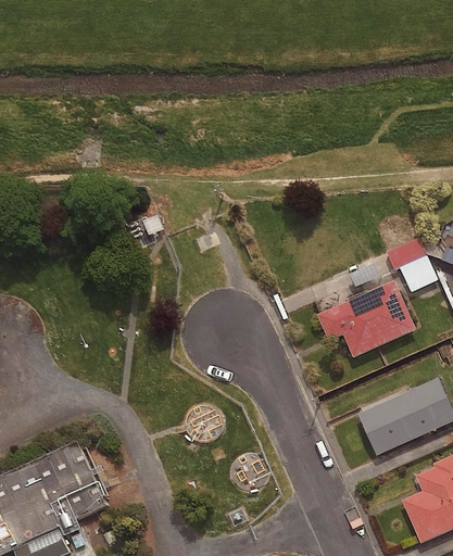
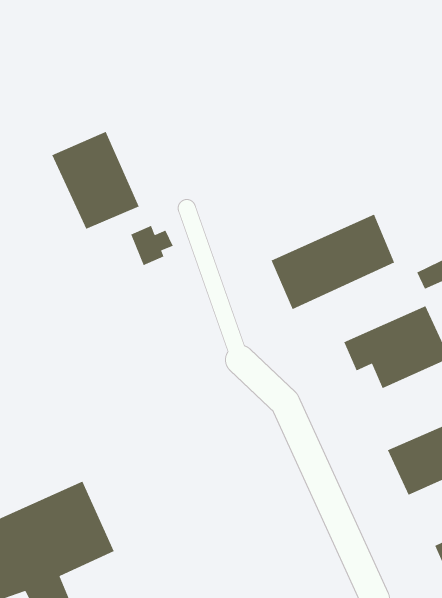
building: none -> [51,131,140,230]
building: none -> [271,213,395,310]

